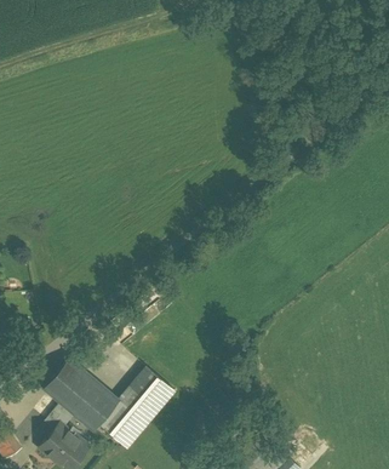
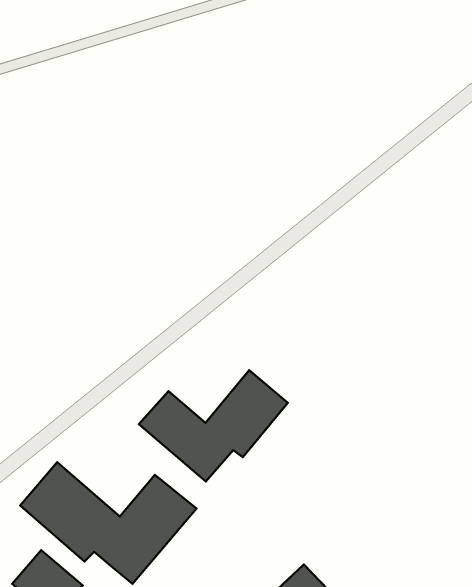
building: none -> [139,370,288,481]

